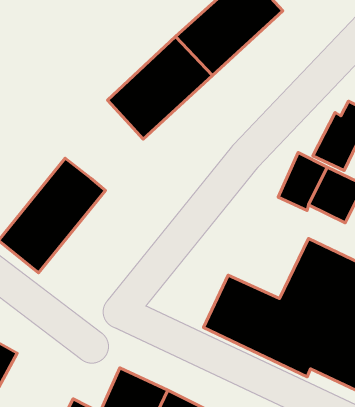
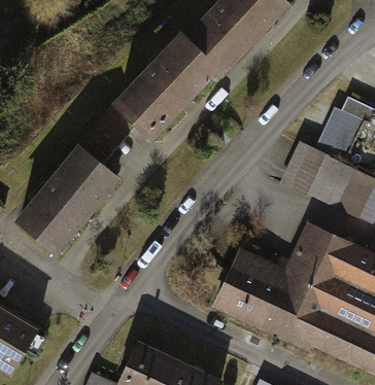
building: none -> [83,94,143,166]

